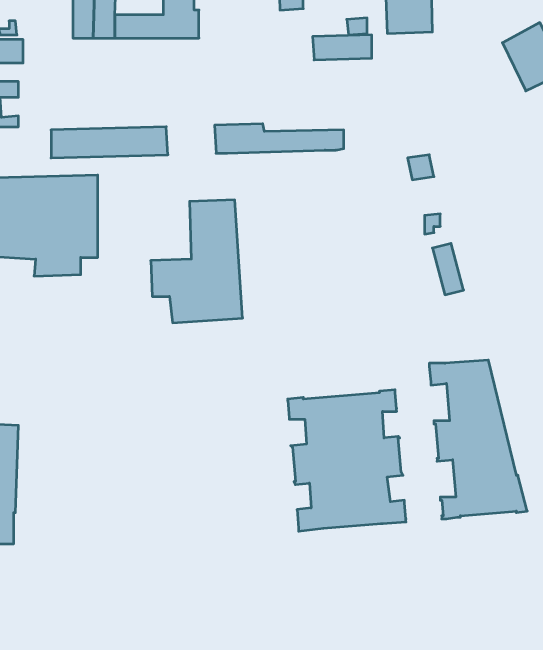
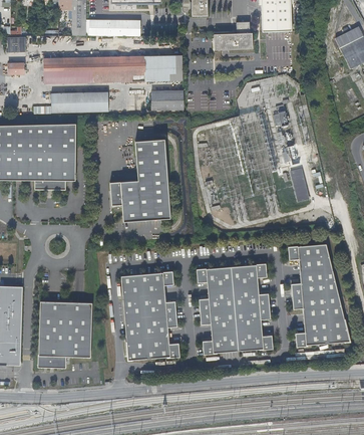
building: none -> [43,43,181,84]
building: none -> [121,270,180,360]
building: none -> [38,299,92,367]

